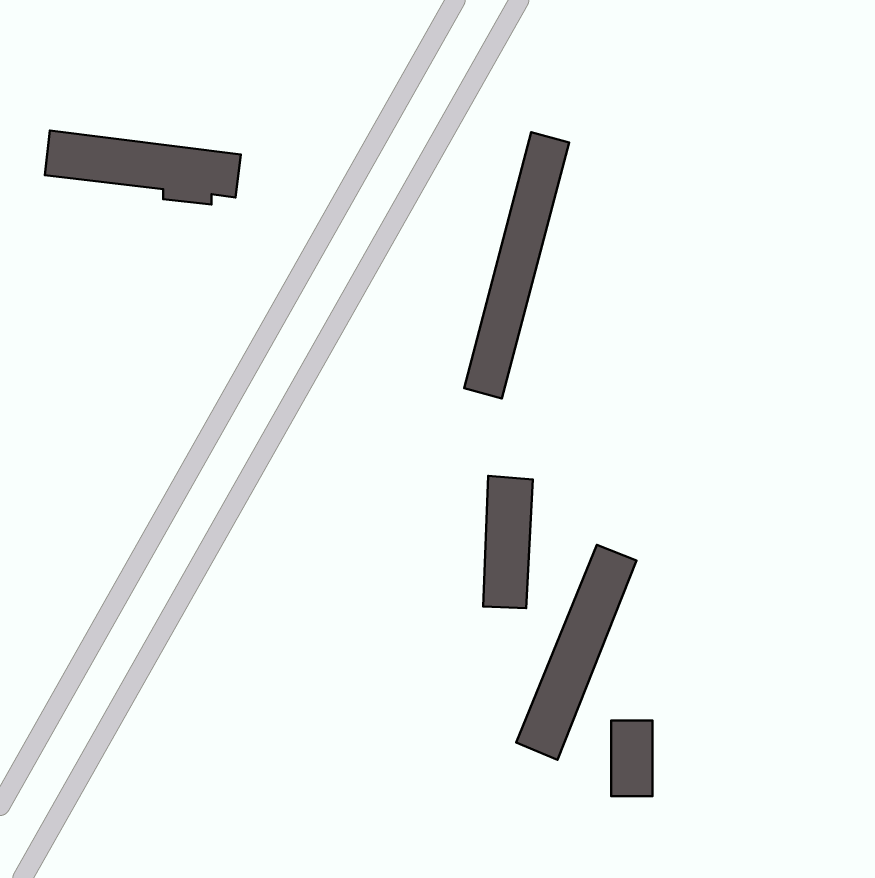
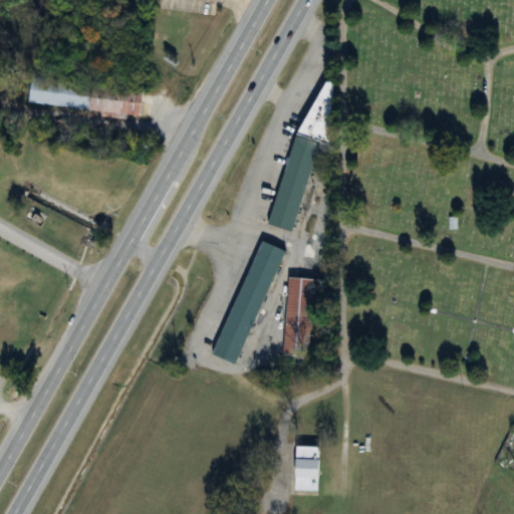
building: [516,545,636,760] -> [213,241,283,366]
building: [611,721,652,796] -> [295,448,319,492]

